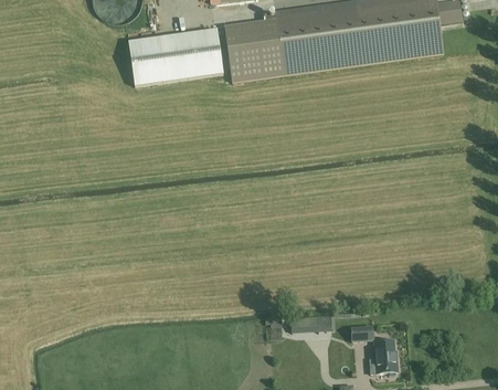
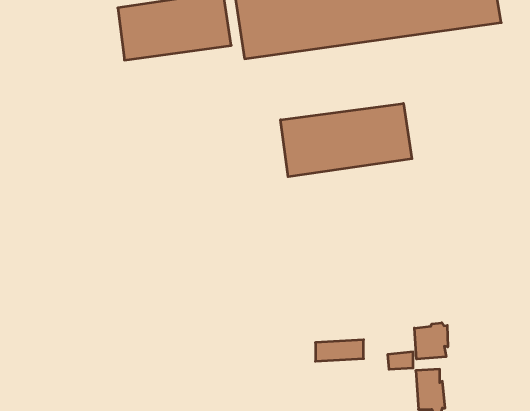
building: none -> [281,103,412,177]
building: none -> [414,323,448,359]

